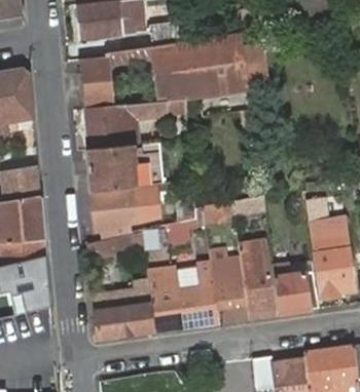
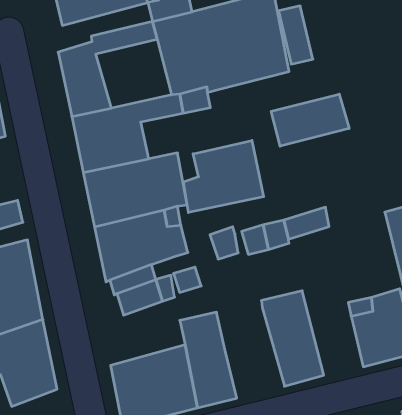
building: none -> [271,94,349,146]
building: none -> [183,140,264,213]
building: [239,246,275,318] -> none
building: [178,264,219,328] -> none

